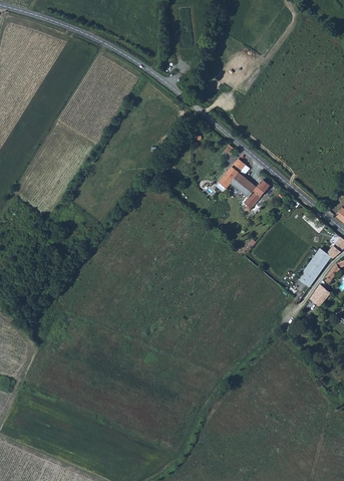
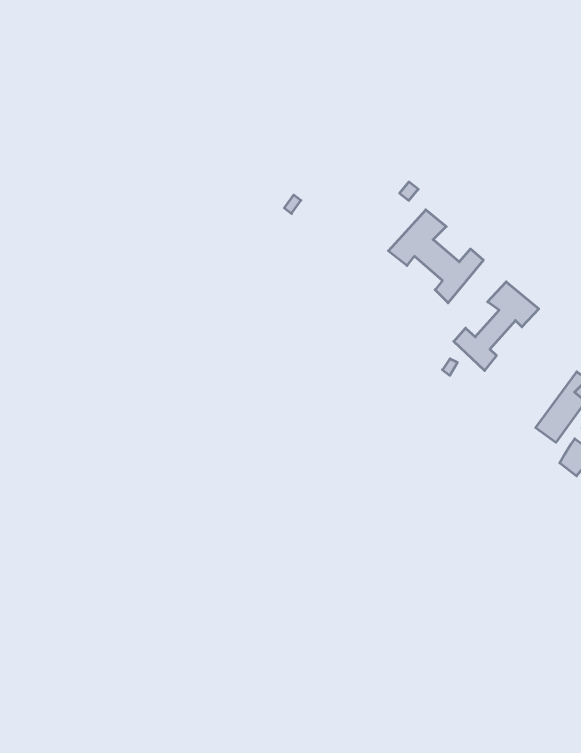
building: none -> [454,282,539,371]

